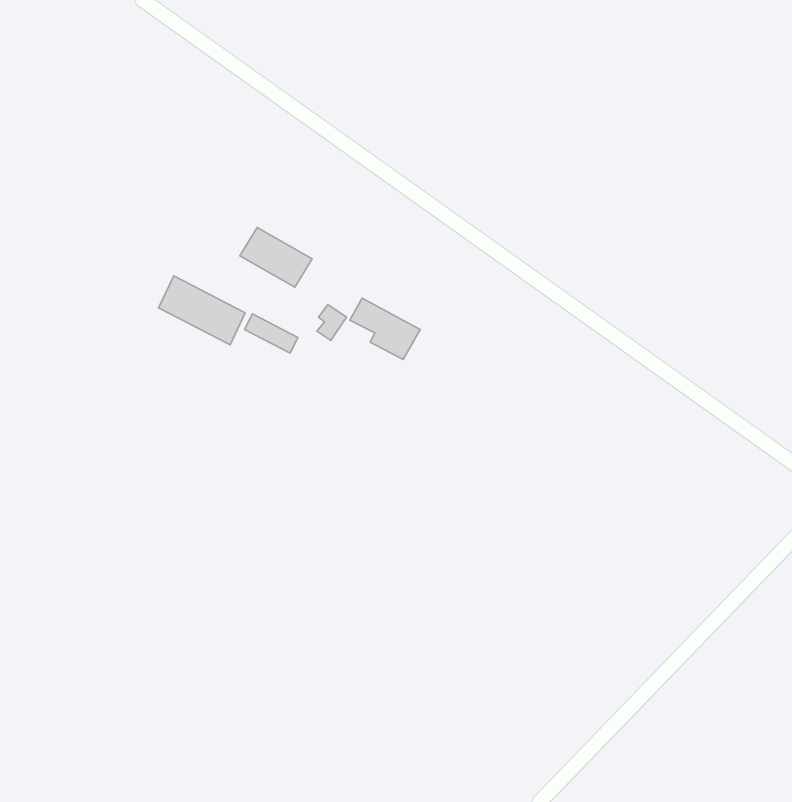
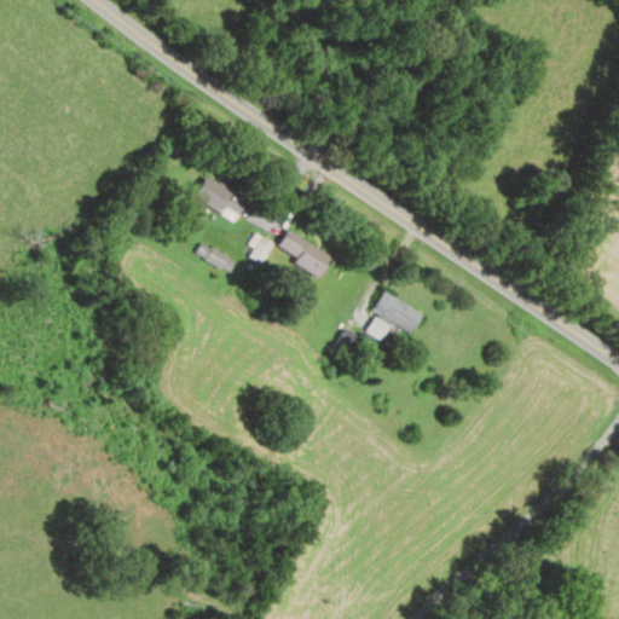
building: [159,276,245,345] -> none
building: none -> [368,291,423,334]

